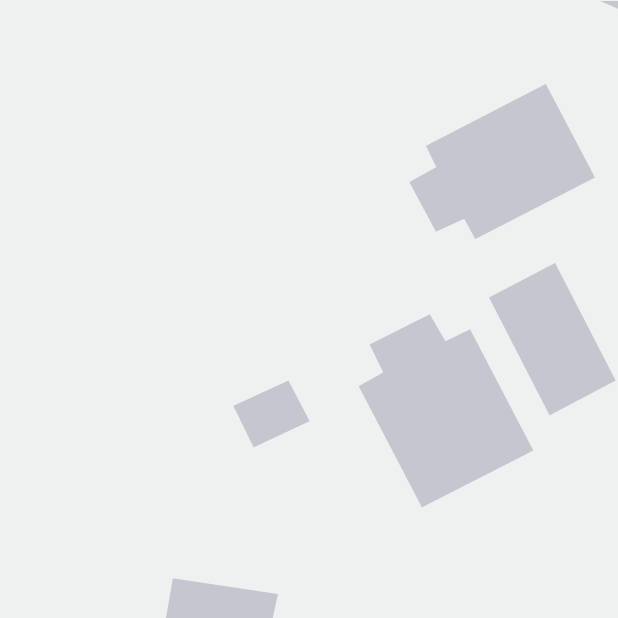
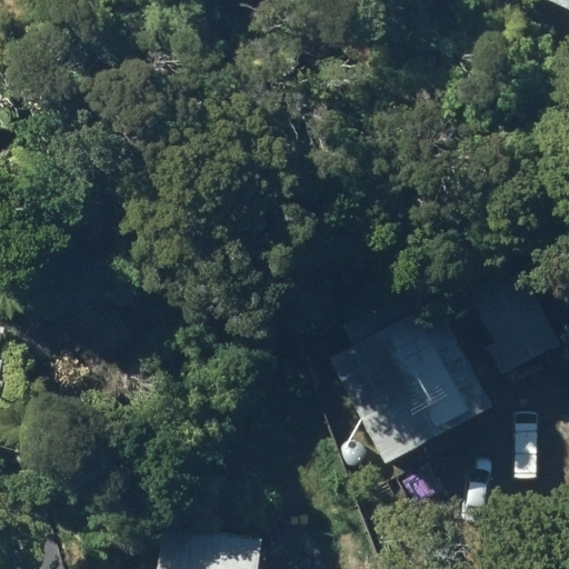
building: [408,83,596,240] -> none

